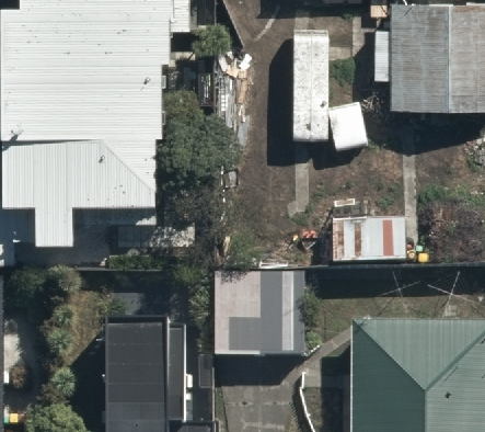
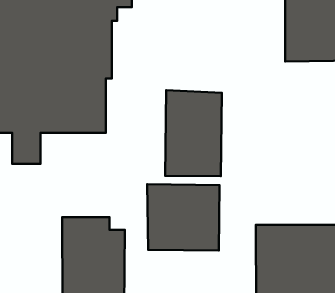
building: none -> [165,90,222,176]

